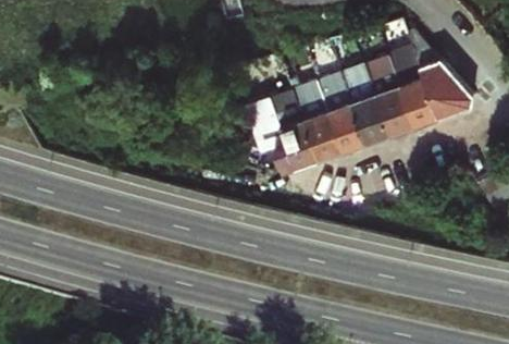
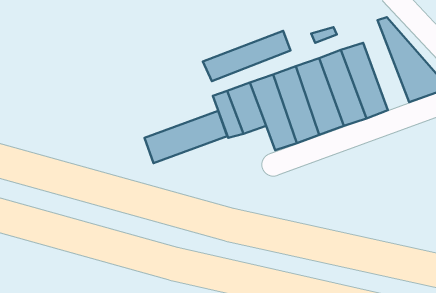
building: [389,32,438,127] -> none
building: none -> [203,31,290,81]
building: none -> [145,111,227,163]

